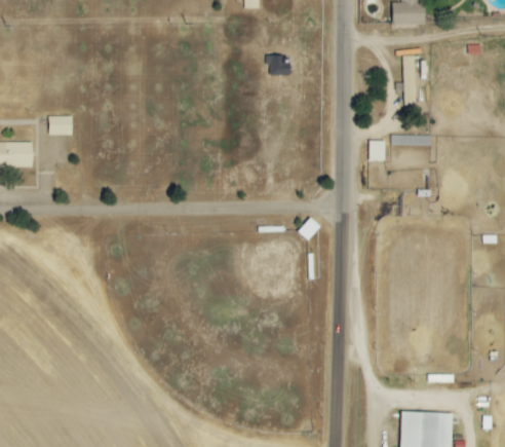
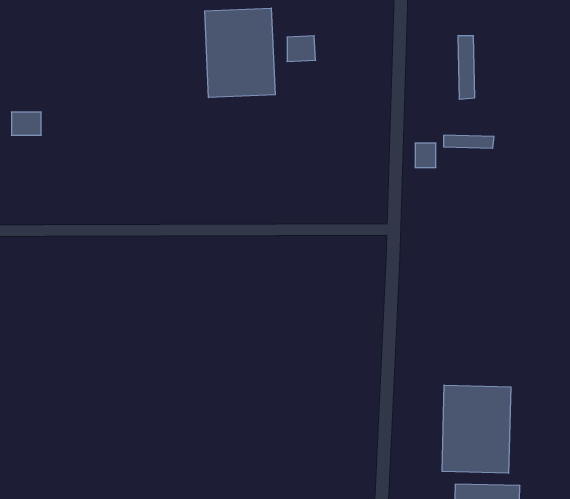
building: none -> [205,8,275,98]
building: none -> [442,385,511,473]

